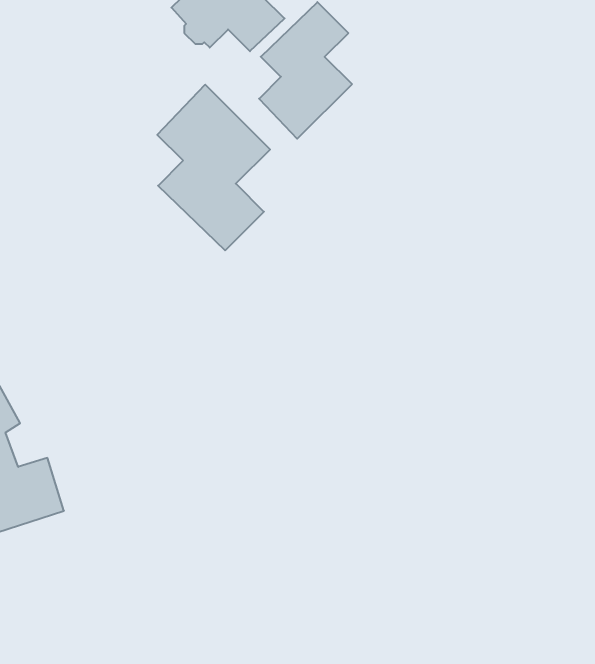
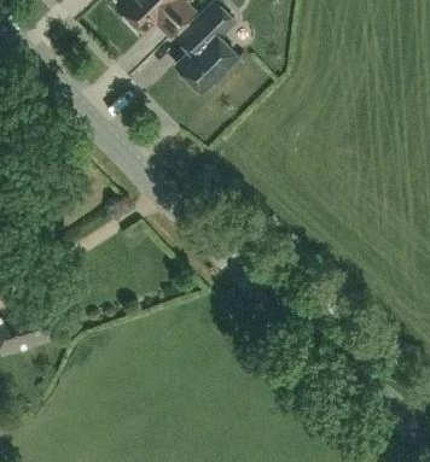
building: [157,85,270,250] -> none

